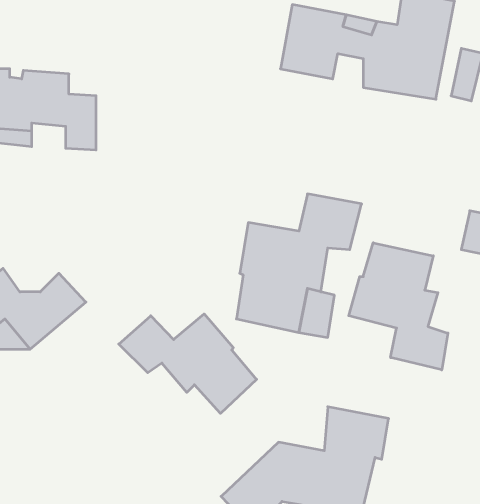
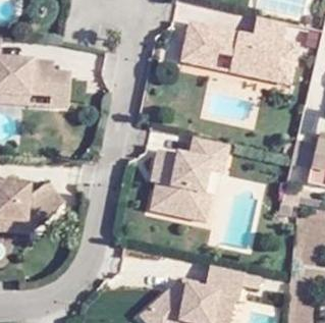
building: [349,243,448,370] -> none
building: [119,314,257,413] -> none

